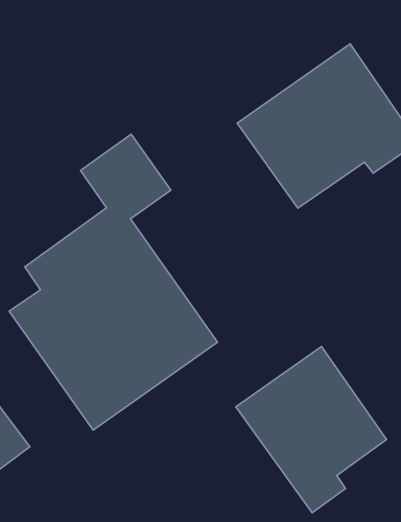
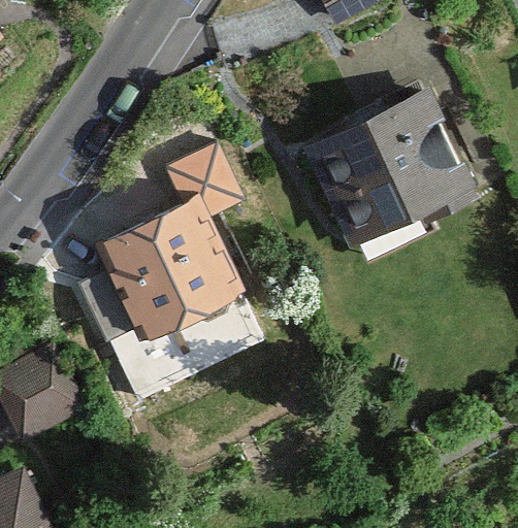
building: [236,346,387,513] -> none

